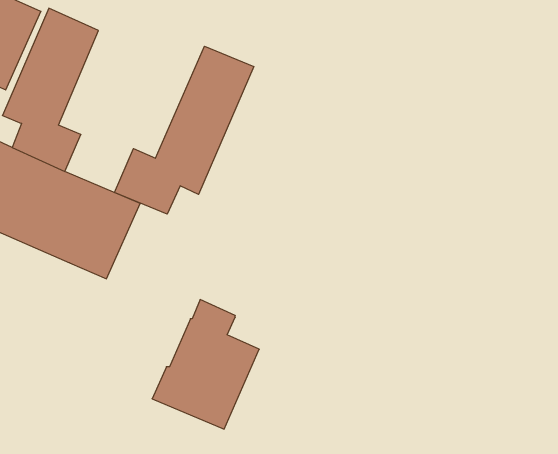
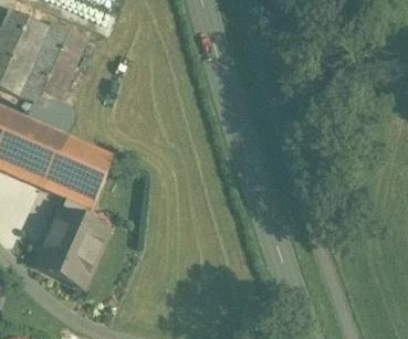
building: [115,46,254,214] -> none
building: [152,300,259,429] -> [33,197,107,286]

